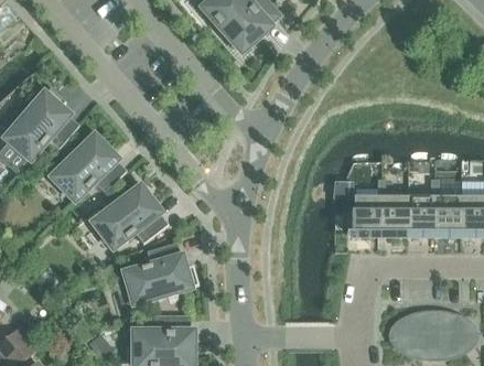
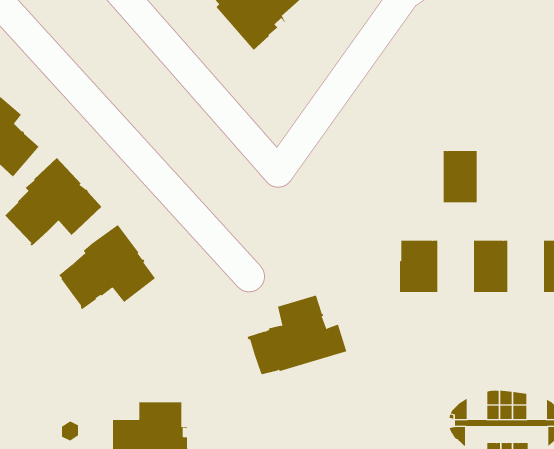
building: [380,195,407,235] -> [443,151,478,203]
building: [433,195,460,235] -> none
building: [122,241,198,302] -> [247,295,347,375]

